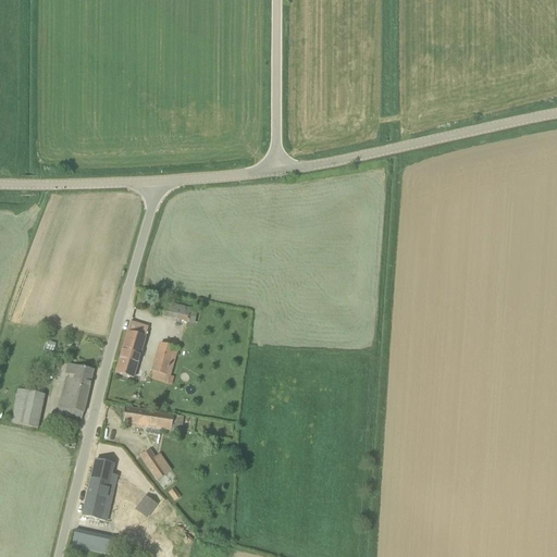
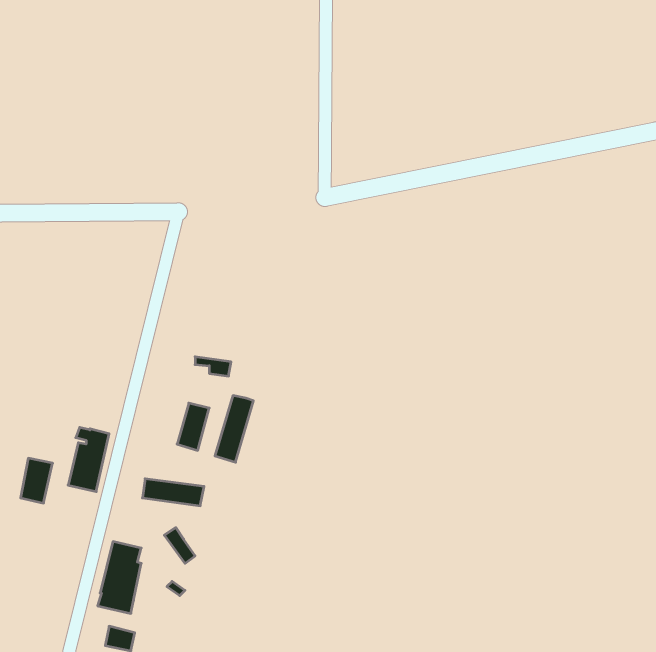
building: [115,320,148,376] -> [215,396,253,462]

